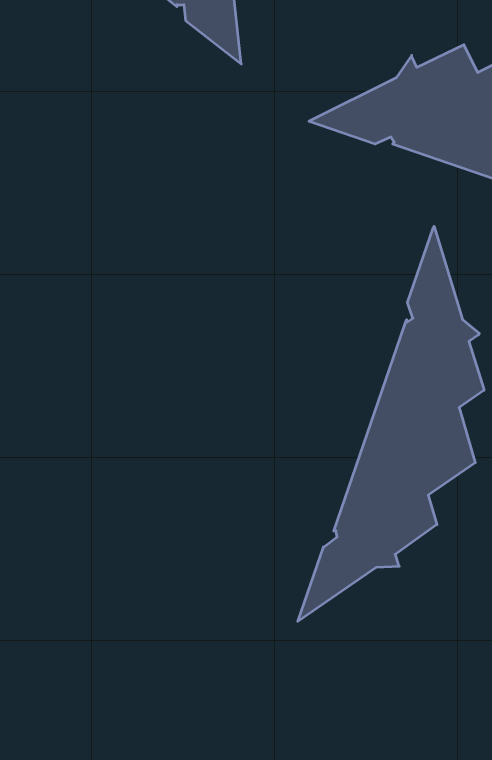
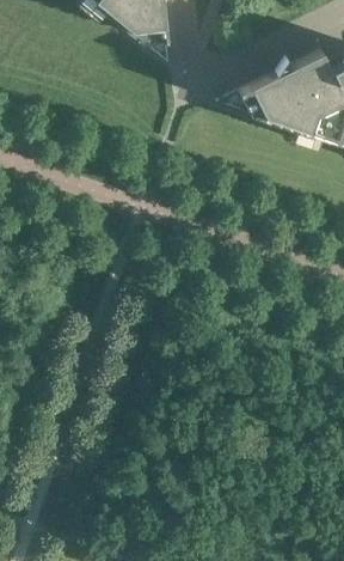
building: [298,226,484,621] -> none

